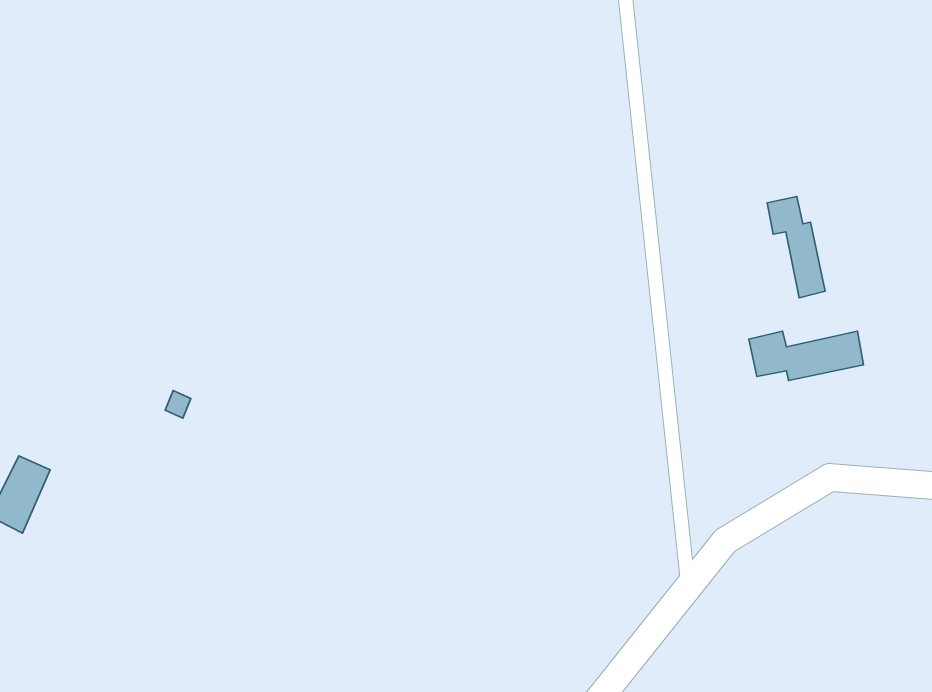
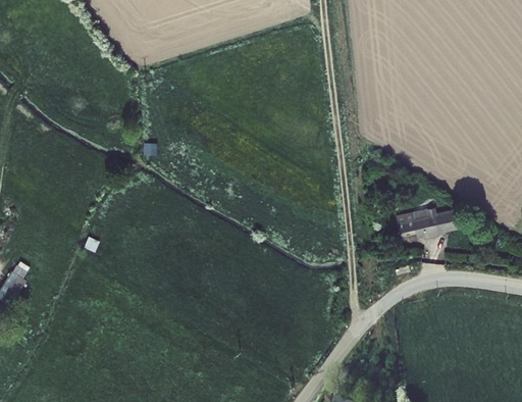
building: [767,197,825,298] -> none

